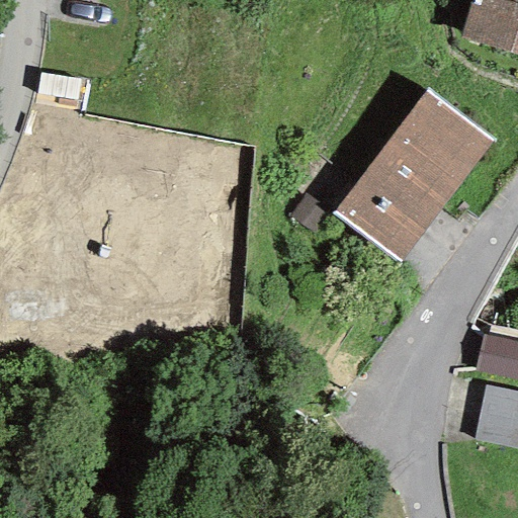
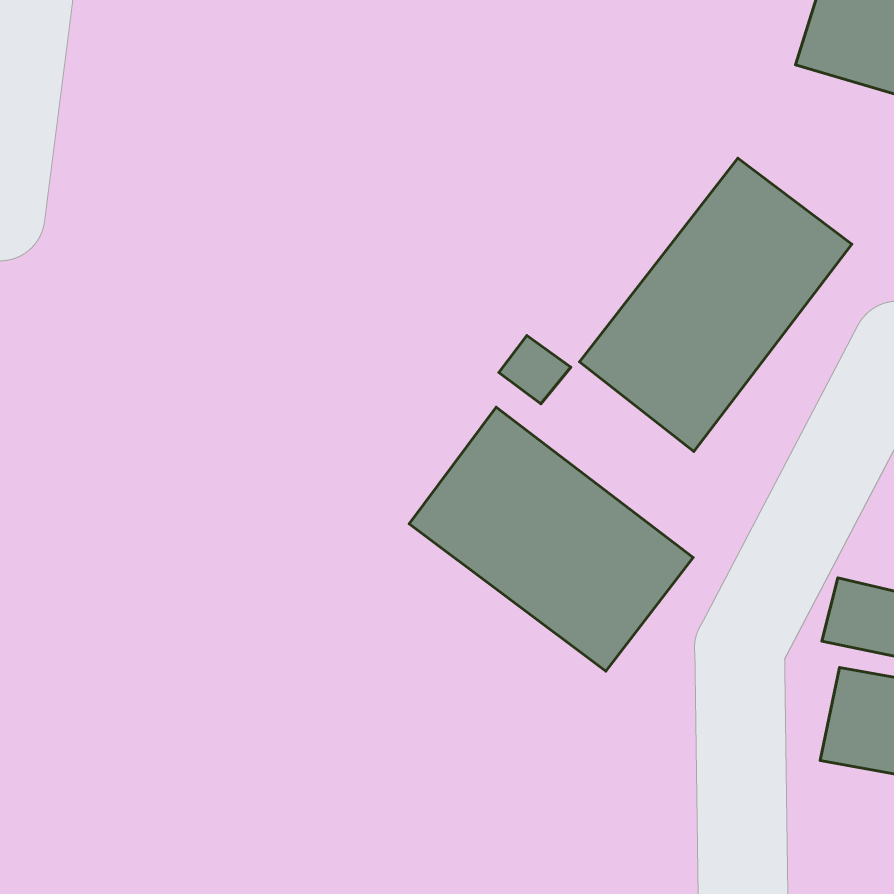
building: none -> [409,407,693,671]

